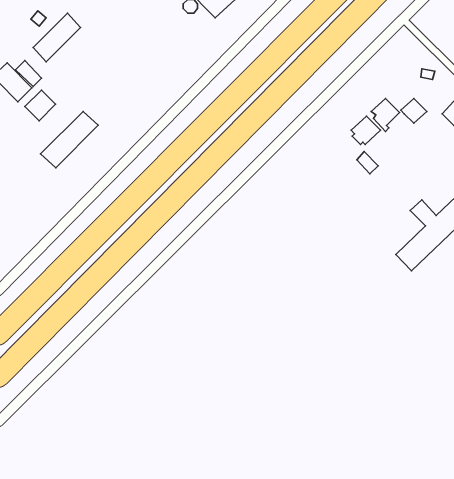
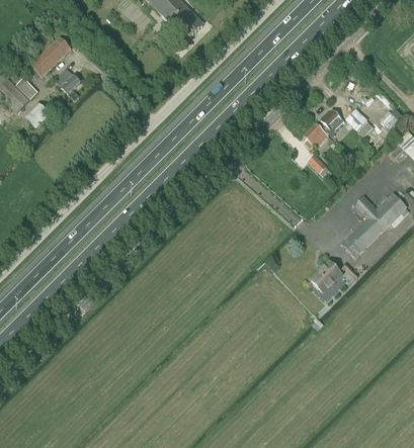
building: none -> [55,68,80,100]
building: [41,112,98,168] -> none
building: none -> [309,260,341,291]

